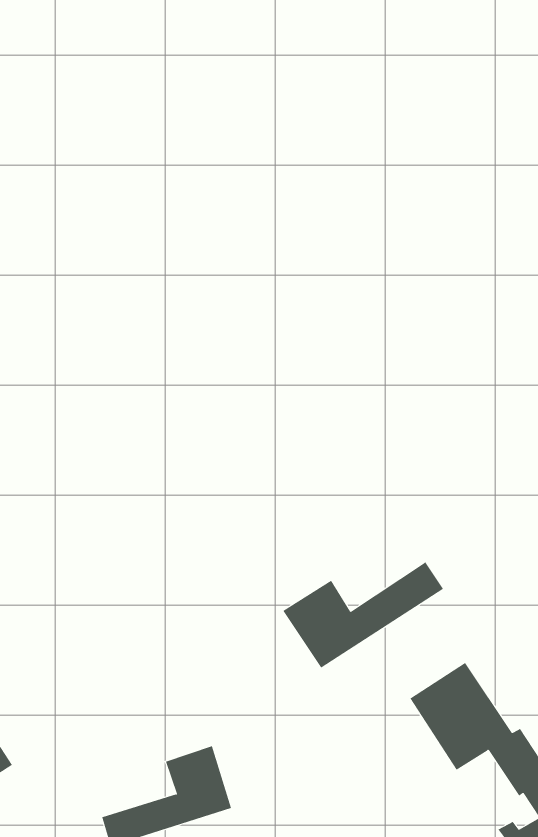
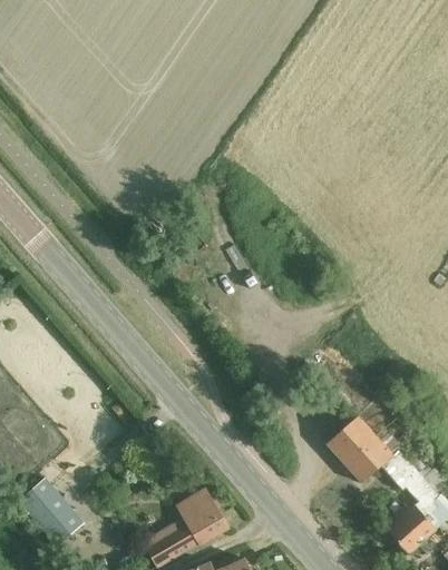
building: [282,552,444,669] -> none

